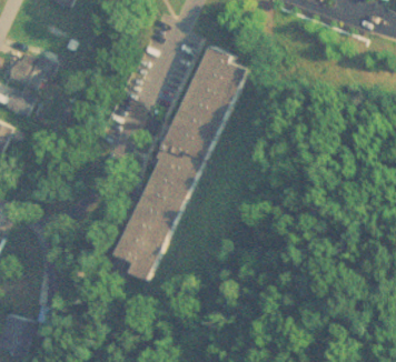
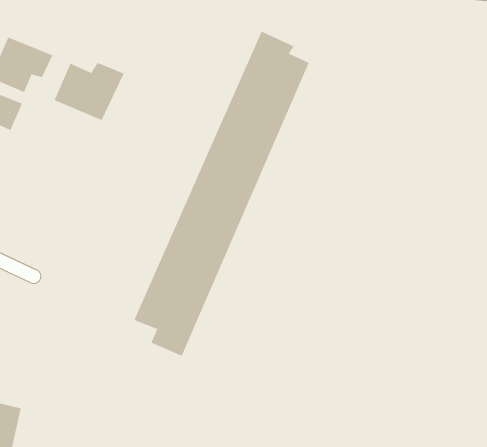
building: none -> [54,62,124,121]

